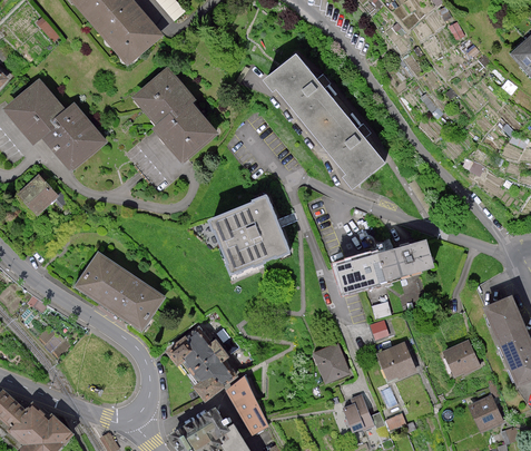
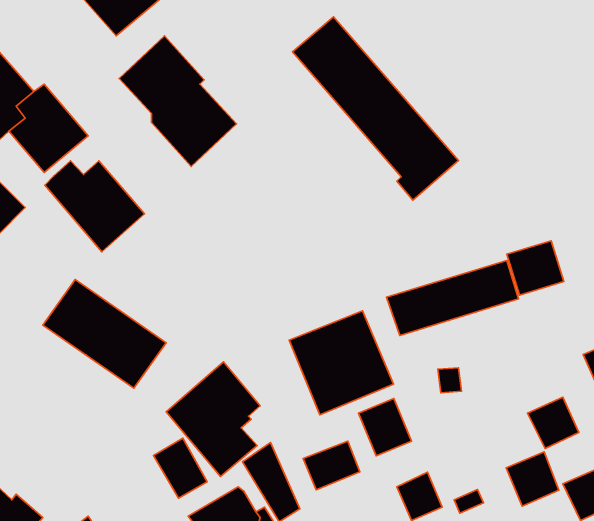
building: none -> [45,161,144,252]
building: [208,196,287,275] -> [289,311,393,415]
building: none -> [507,241,564,295]
building: [376,340,416,381] -> [506,452,559,506]
building: none -> [153,438,207,498]
building: none -> [303,441,360,490]

